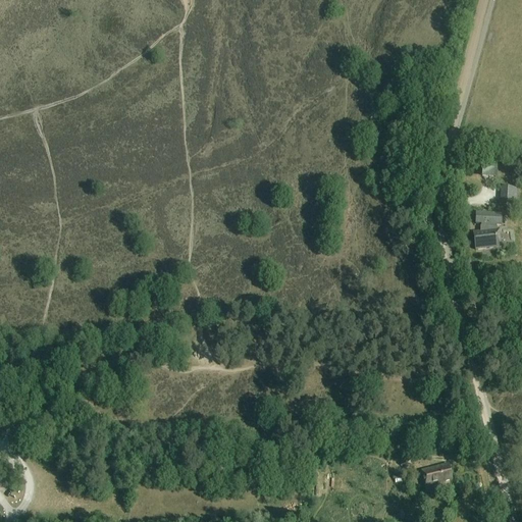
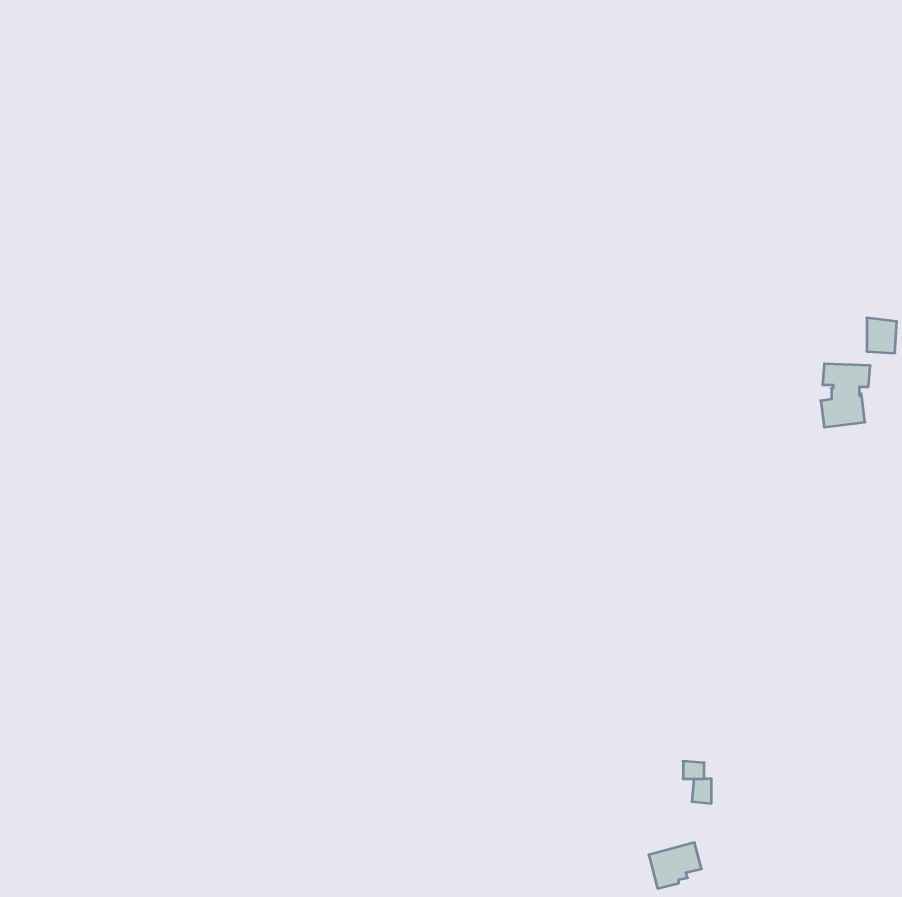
building: [421,462,452,488] -> [649,843,702,888]

